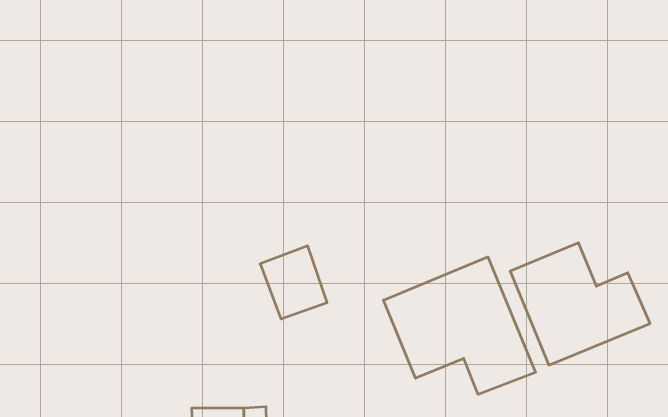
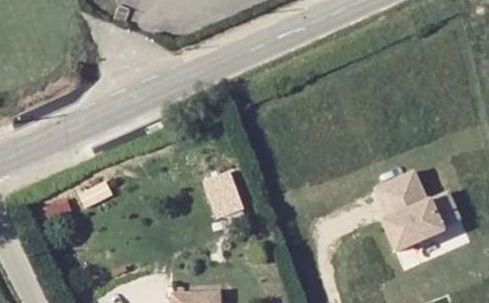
building: [383,257,536,394] -> none

